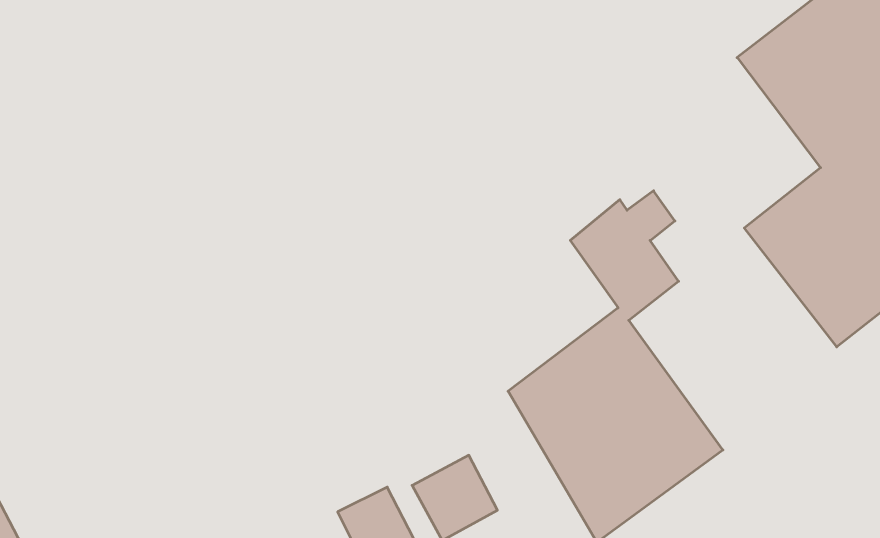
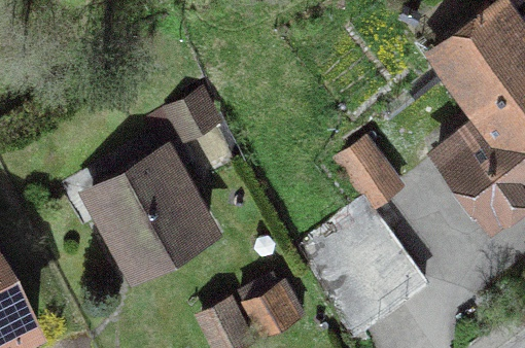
building: none -> [91,152,207,269]

